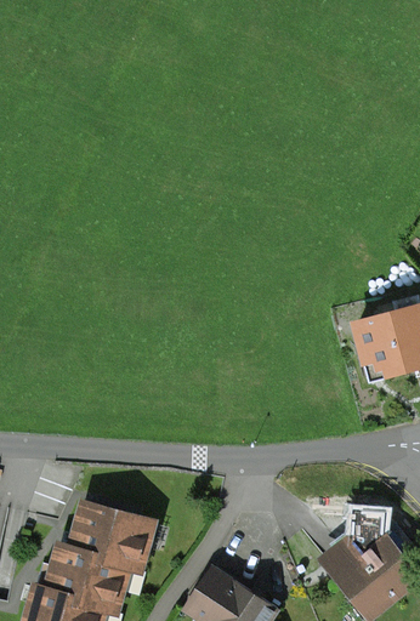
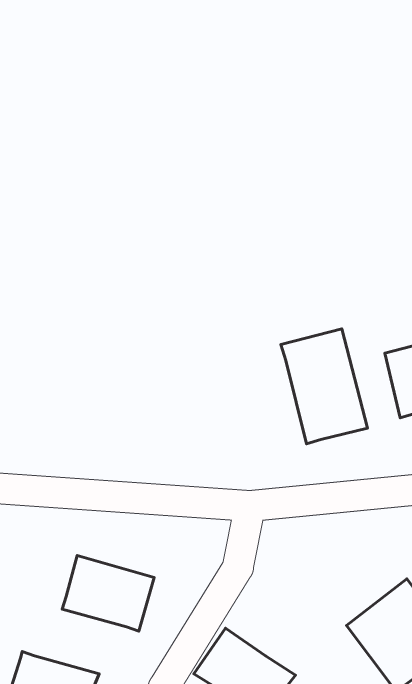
building: none -> [281,329,368,444]
building: [46,545,127,609] -> none

